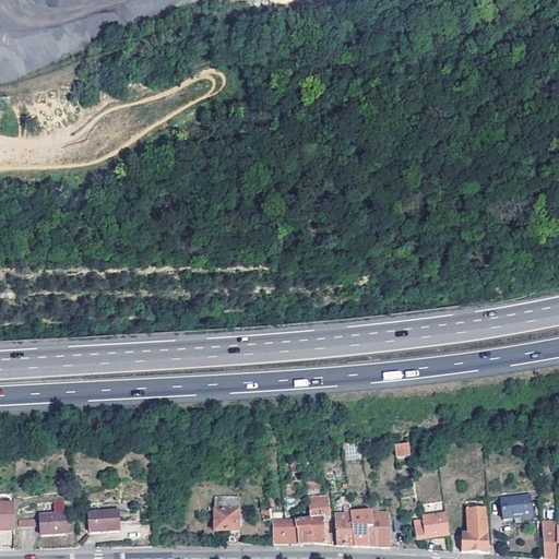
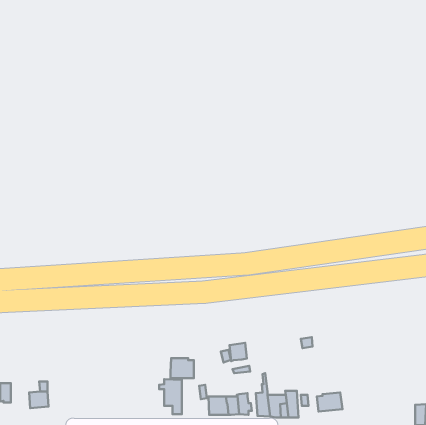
building: none -> [170,358,194,378]
building: [308,492,331,516] -> [229,343,247,361]
building: [504,498,533,519] -> none
building: [87,509,117,531] -> none
building: [462,509,490,551] -> none

